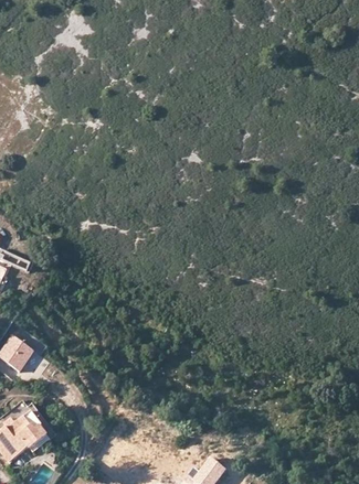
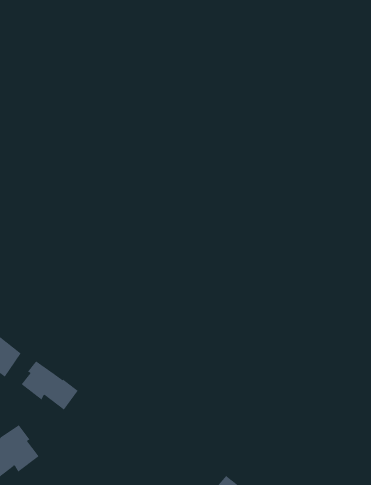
building: none -> [21,361,78,410]

